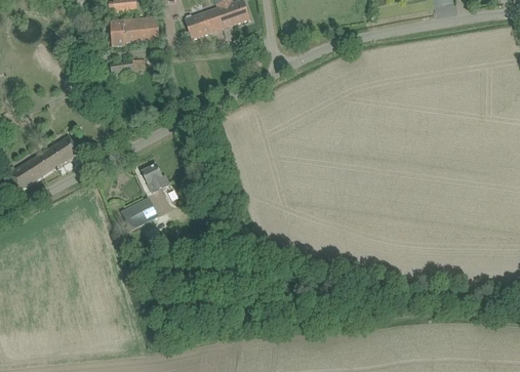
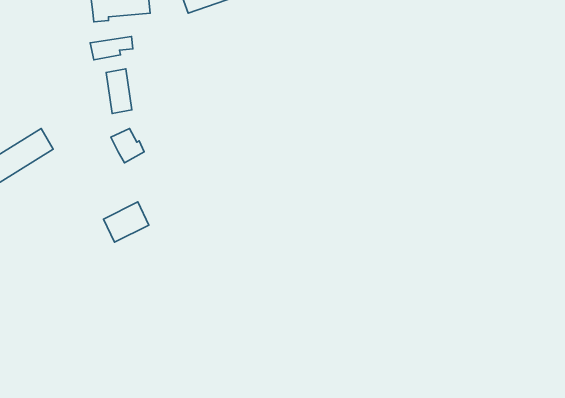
building: none -> [106,69,132,113]
building: [141,164,168,193] -> [111,129,144,163]

